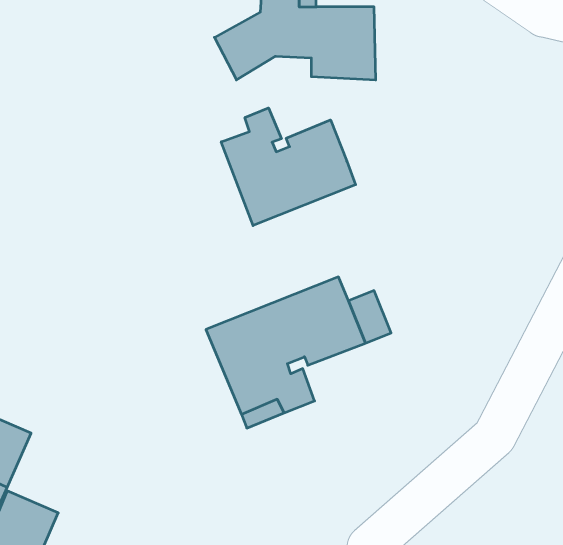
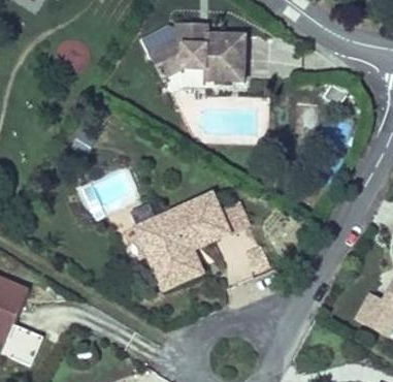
building: [221,108,356,226] -> none

